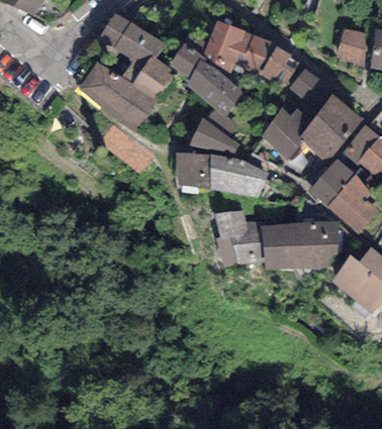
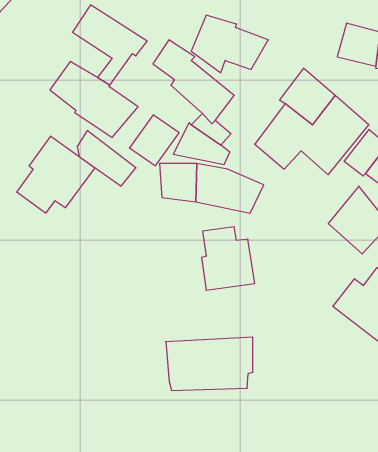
building: [260,45,300,87] -> none
building: [131,56,176,101] -> [129,115,179,166]
building: none -> [17,136,95,213]
building: [307,158,355,207] -> none
building: [261,221,339,269] -> [166,337,253,390]

